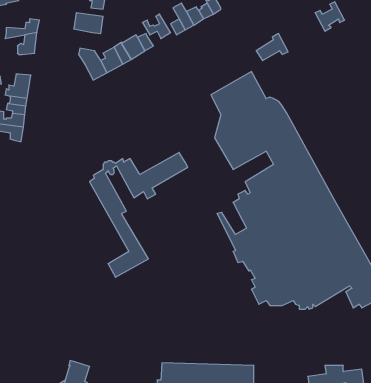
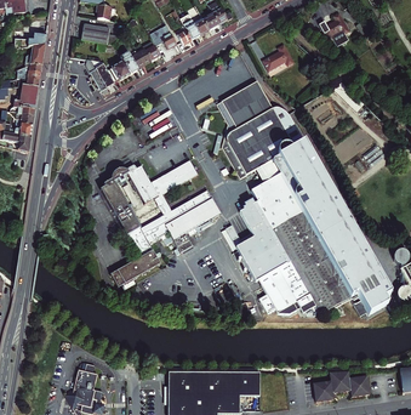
building: none -> [130,191,218,266]

